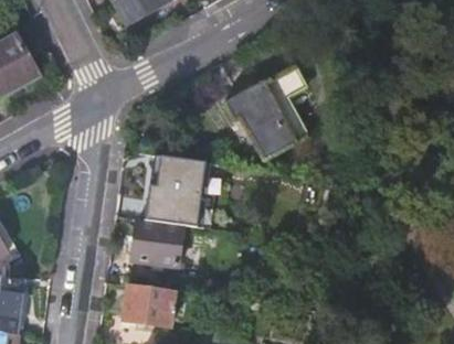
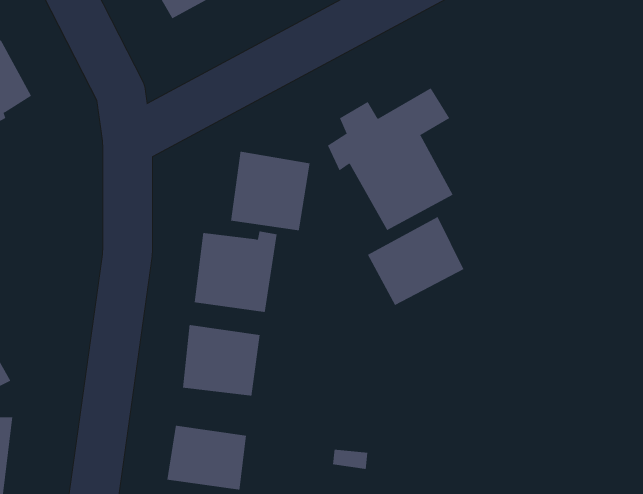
building: none -> [231,151,310,231]
building: none -> [367,216,464,306]

